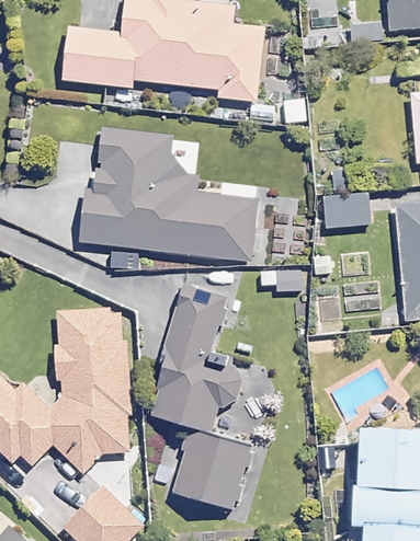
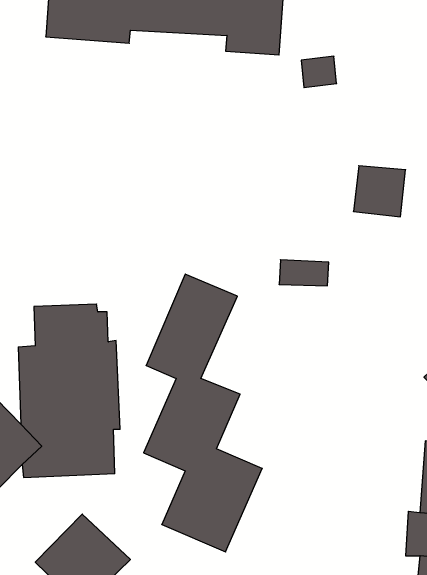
building: [78,140,257,261] -> none

